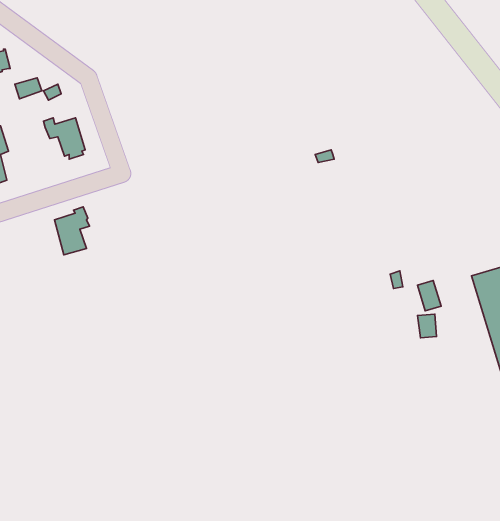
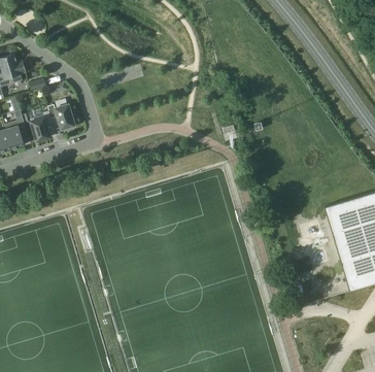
building: [54,207,90,255] -> [30,110,53,141]

